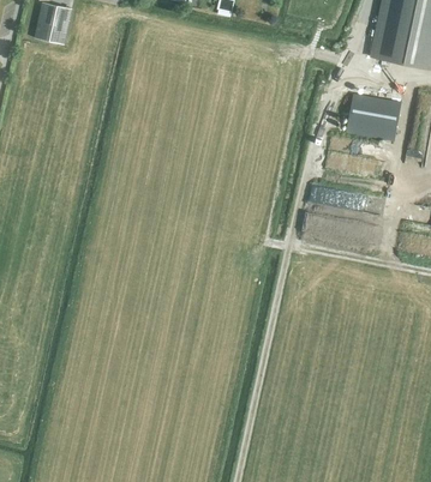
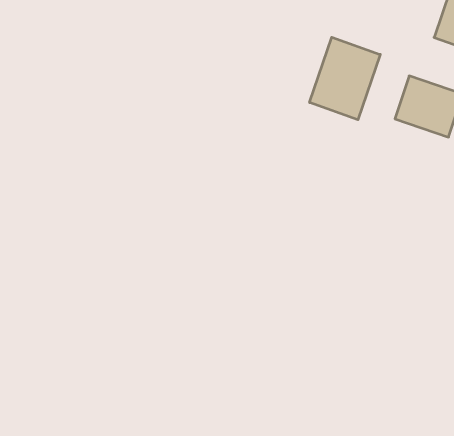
building: none -> [310,37,380,120]

